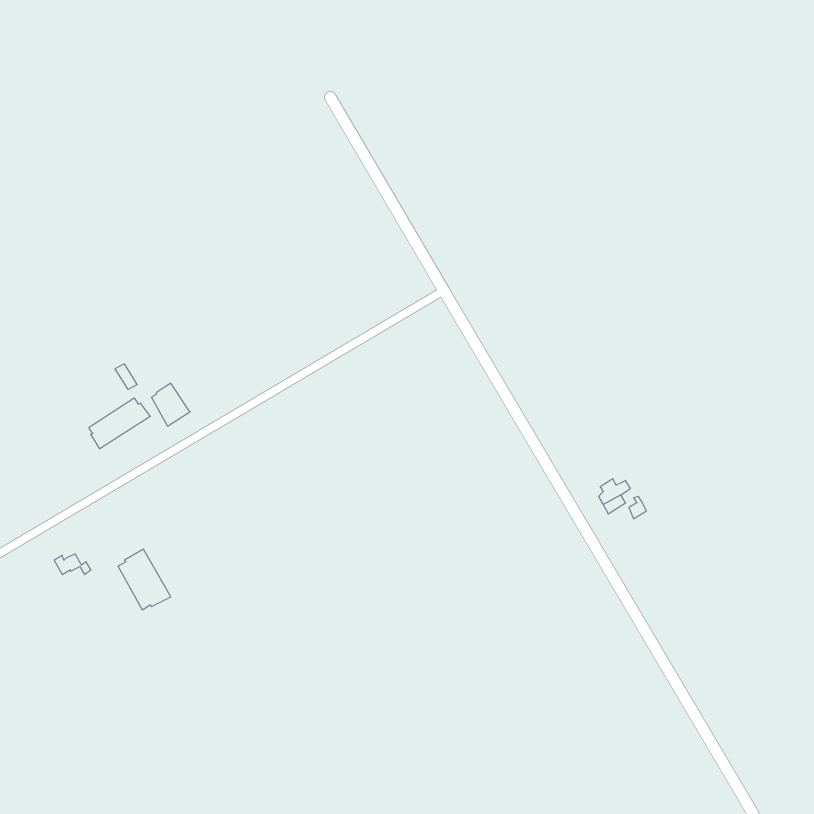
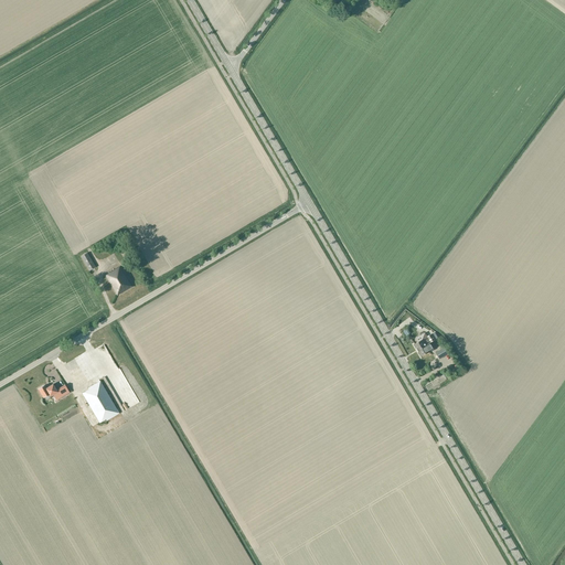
building: [89,398,150,449] -> none

